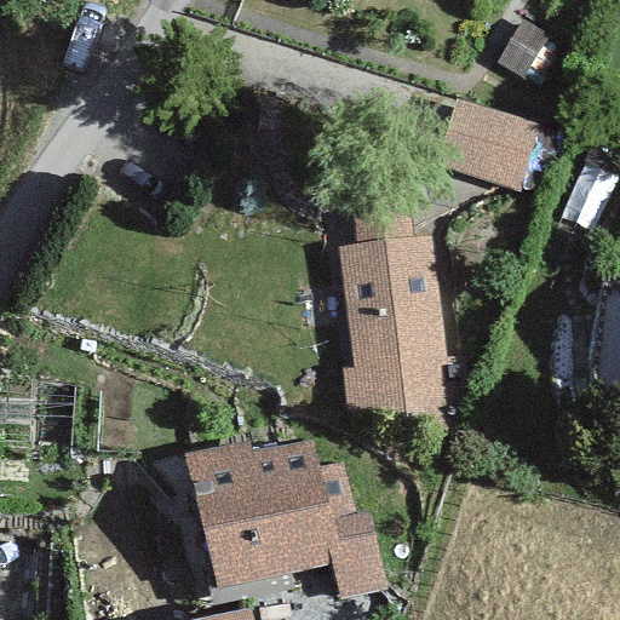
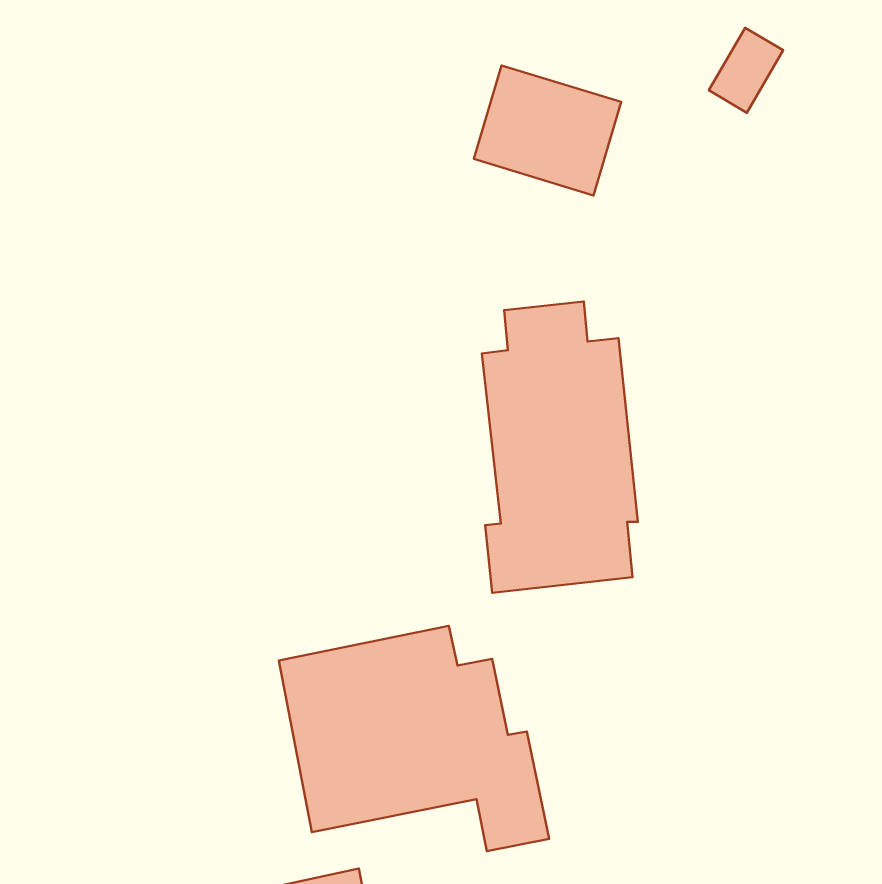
building: [436,102,539,193] -> [474,65,621,195]

